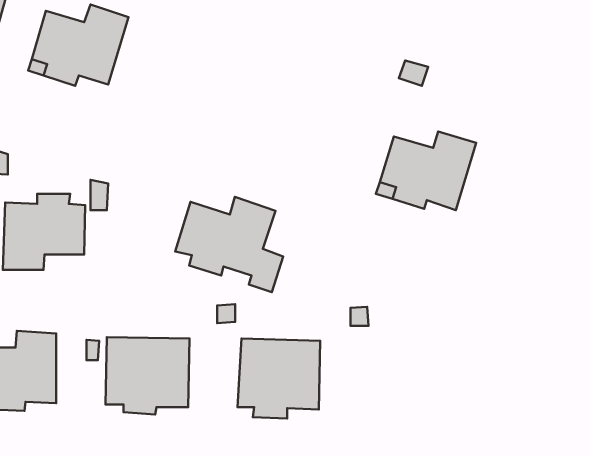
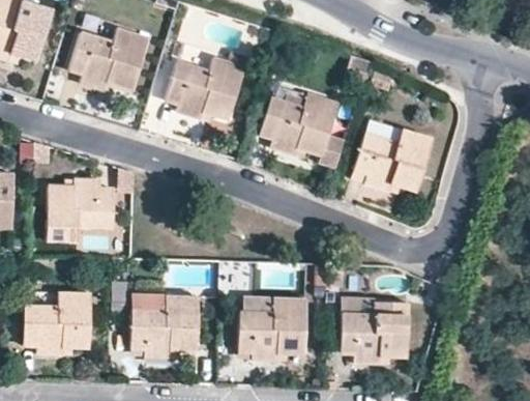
building: none -> [166,51,248,120]
building: [175,197,283,292] -> [259,91,347,169]
building: none -> [341,297,409,365]

